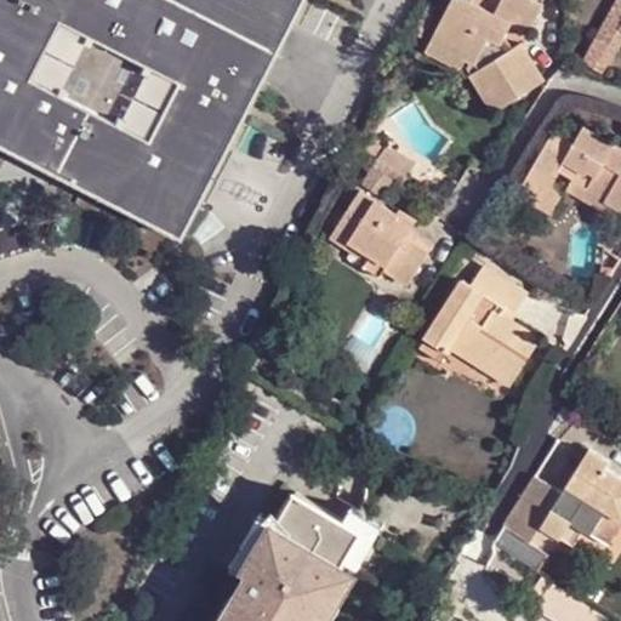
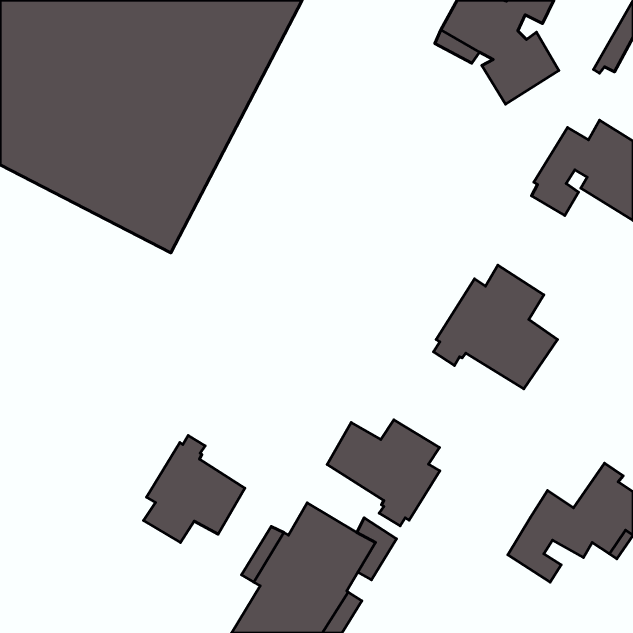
building: [331,183,437,280] -> none
building: none -> [327,420,440,526]
building: none -> [144,436,245,543]

